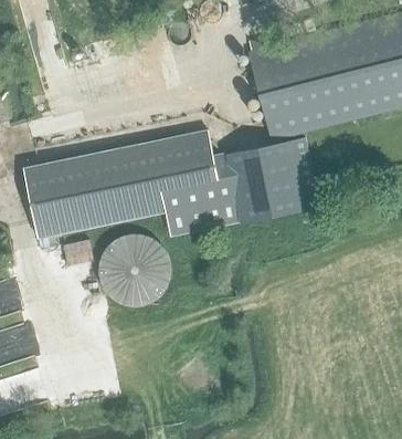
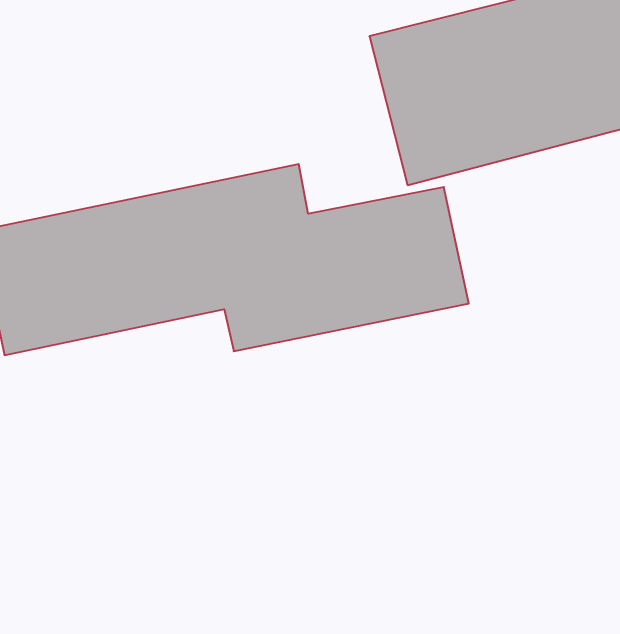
building: [98,236,170,306] -> none

